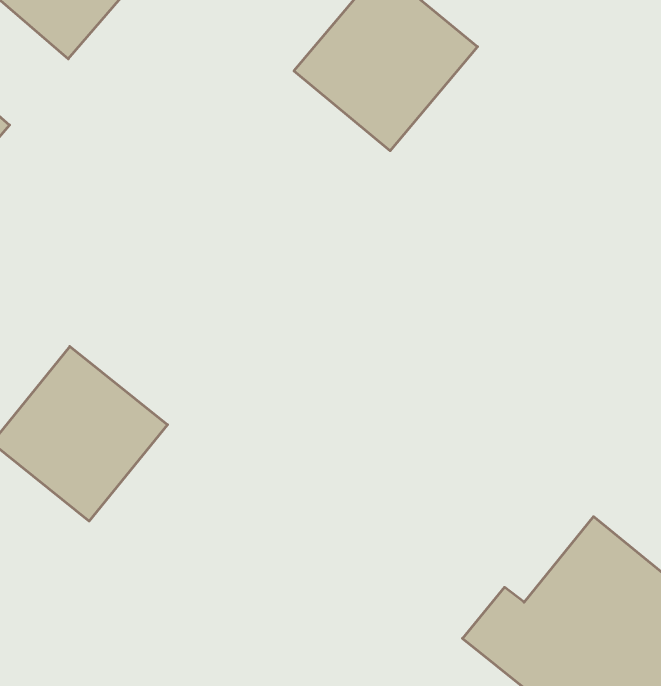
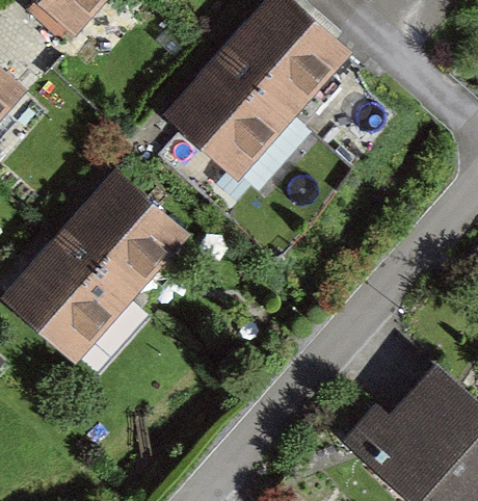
building: none -> [167,53,290,176]
building: none -> [69,181,186,297]

